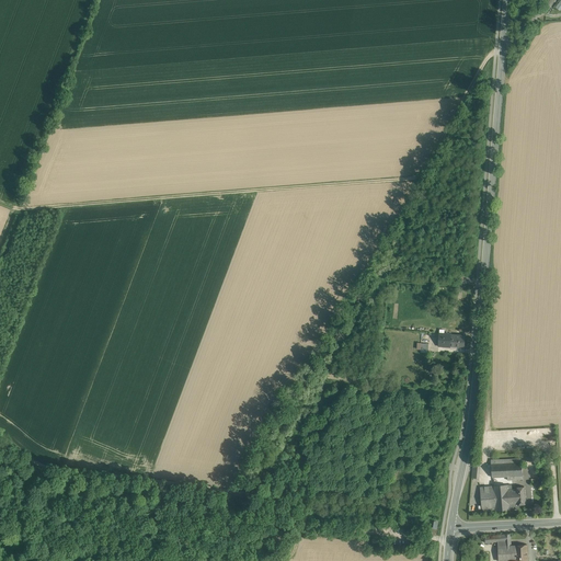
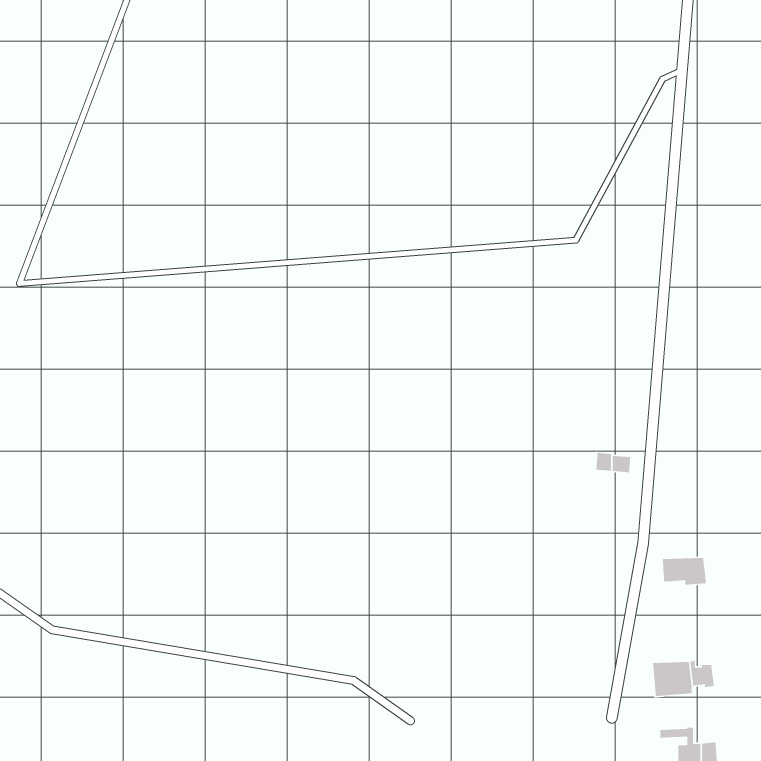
building: [490,460,523,481] -> [662,557,707,585]

